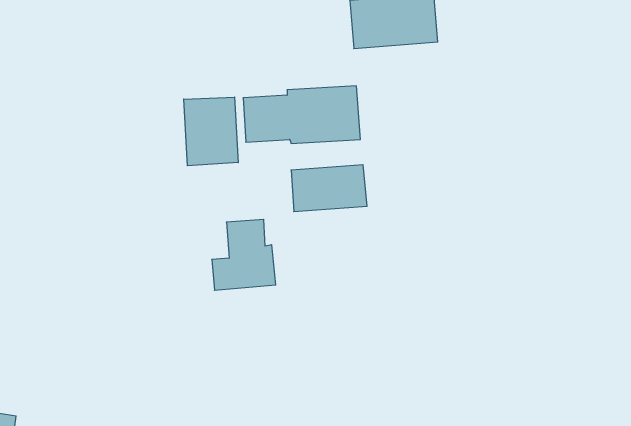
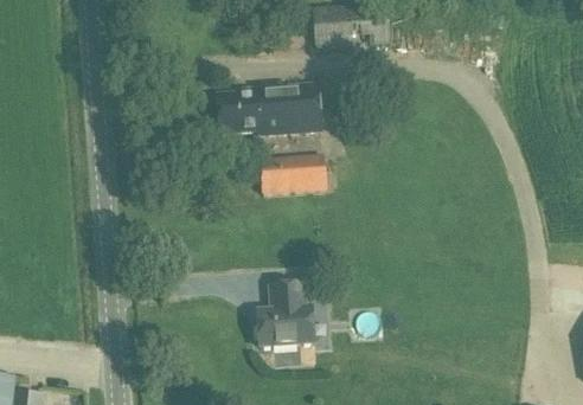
building: [184,97,238,166] -> none
building: [212,219,276,290] -> [256,284,313,347]

